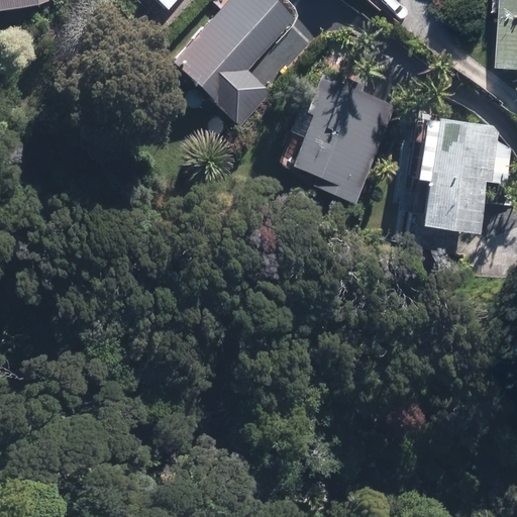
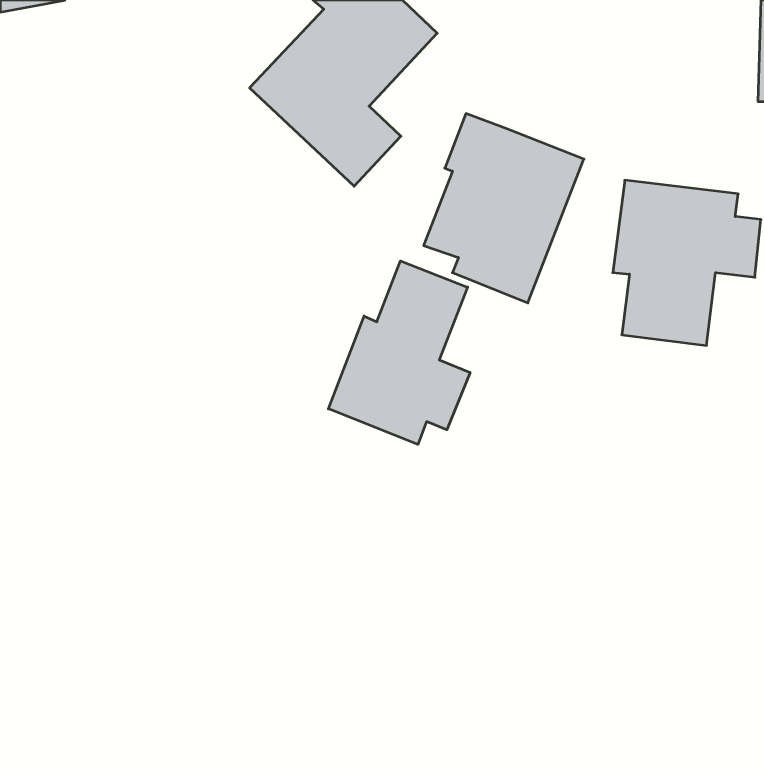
building: none -> [328,261,470,444]

